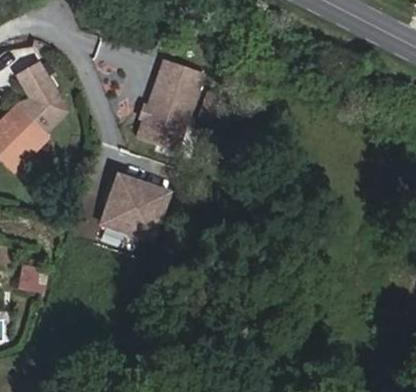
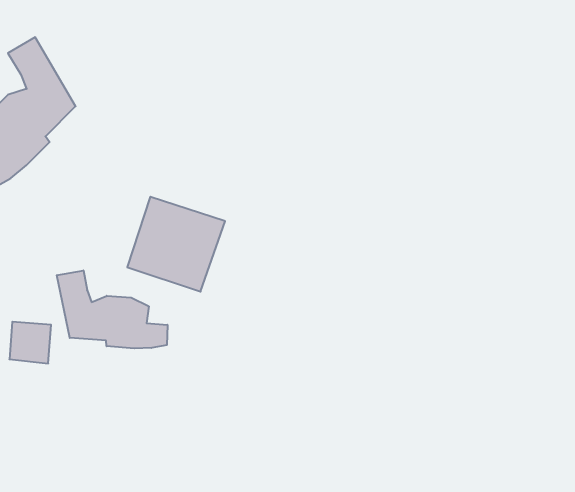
building: [136,57,202,149] -> none
building: none -> [57,270,167,348]

